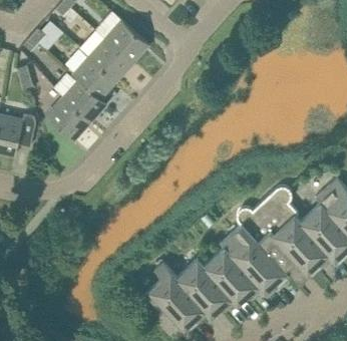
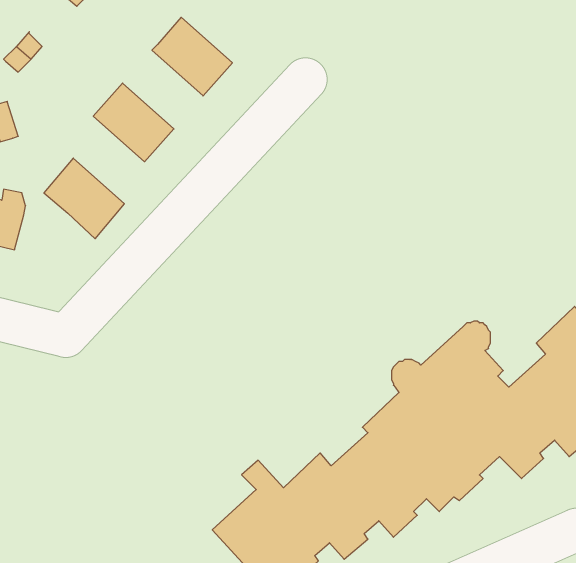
building: [88,38,132,81] -> none
building: [52,73,105,122] -> none

